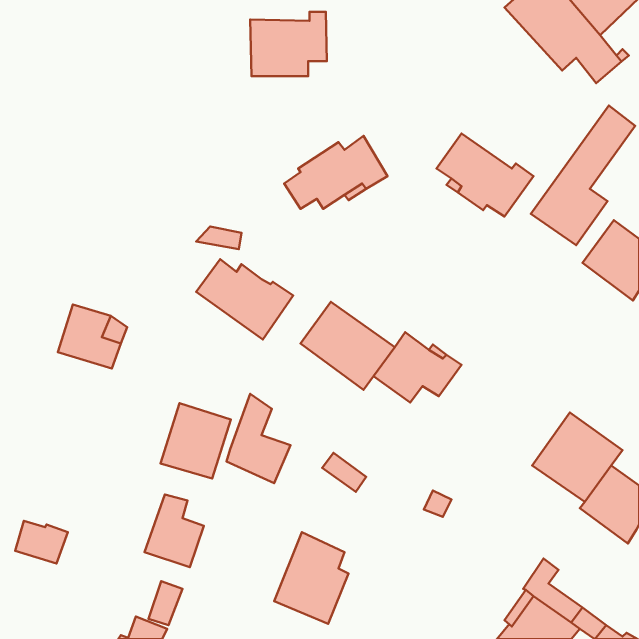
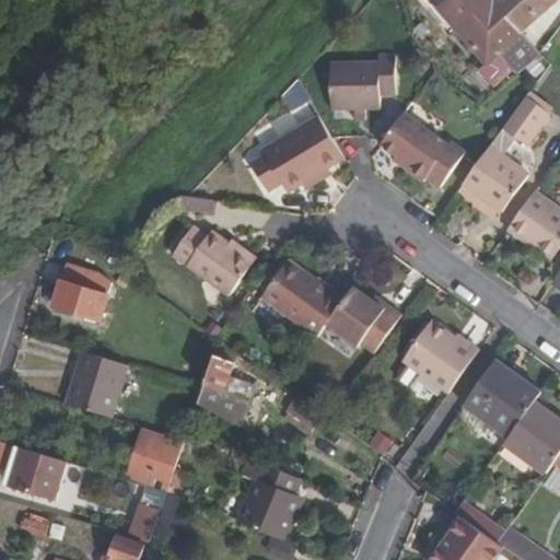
building: [250,12,327,76] -> [327,55,394,110]
building: none -> [404,324,478,394]
building: [161,403,231,479] -> [63,352,125,418]

